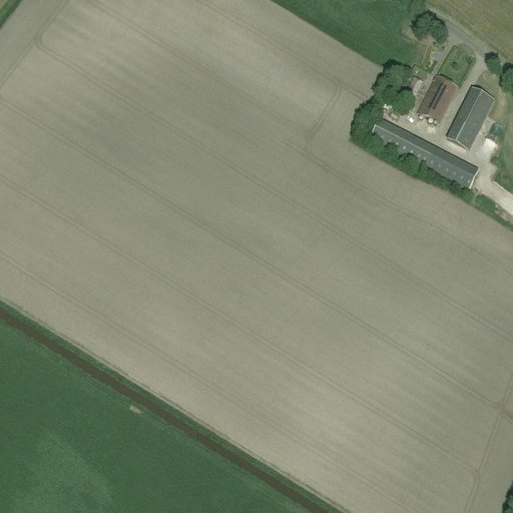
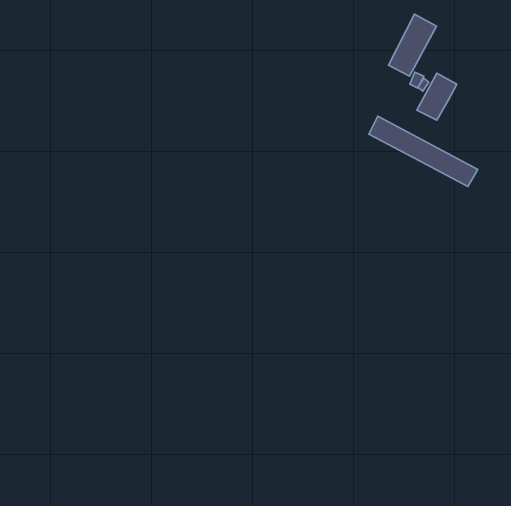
building: [447,85,495,147] -> [388,14,437,76]

